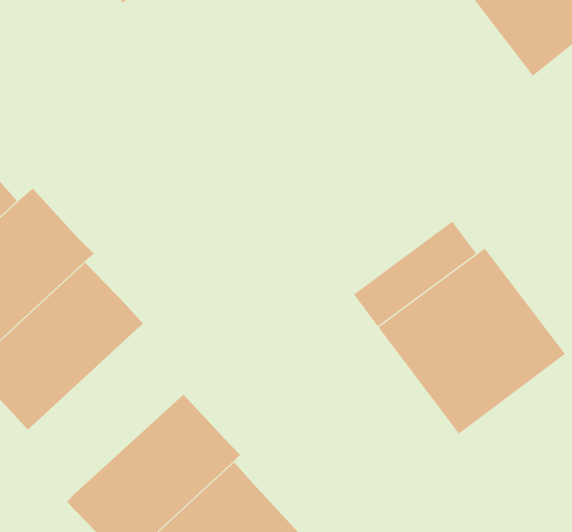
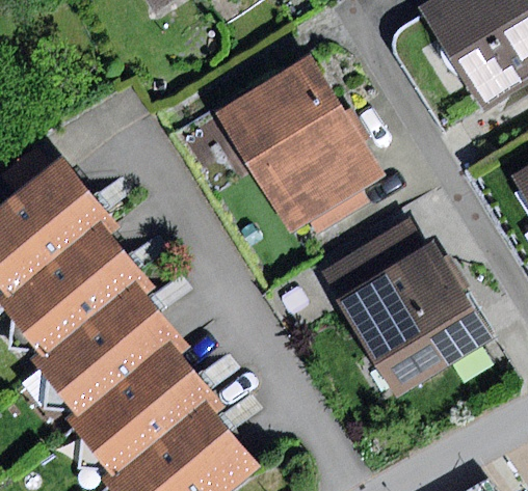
building: none -> [218,58,384,233]
building: none -> [34,285,179,416]

